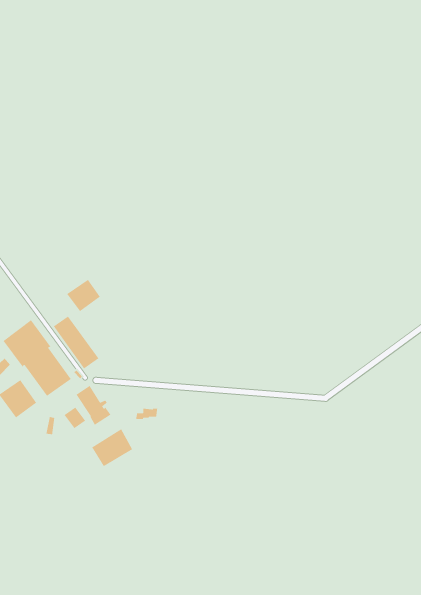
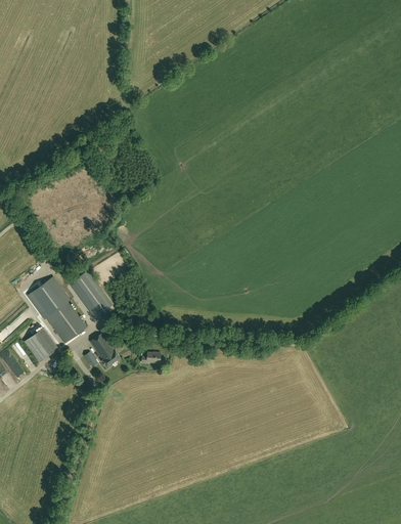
building: [66,279,101,312] -> none
building: [91,428,133,467] -> none

